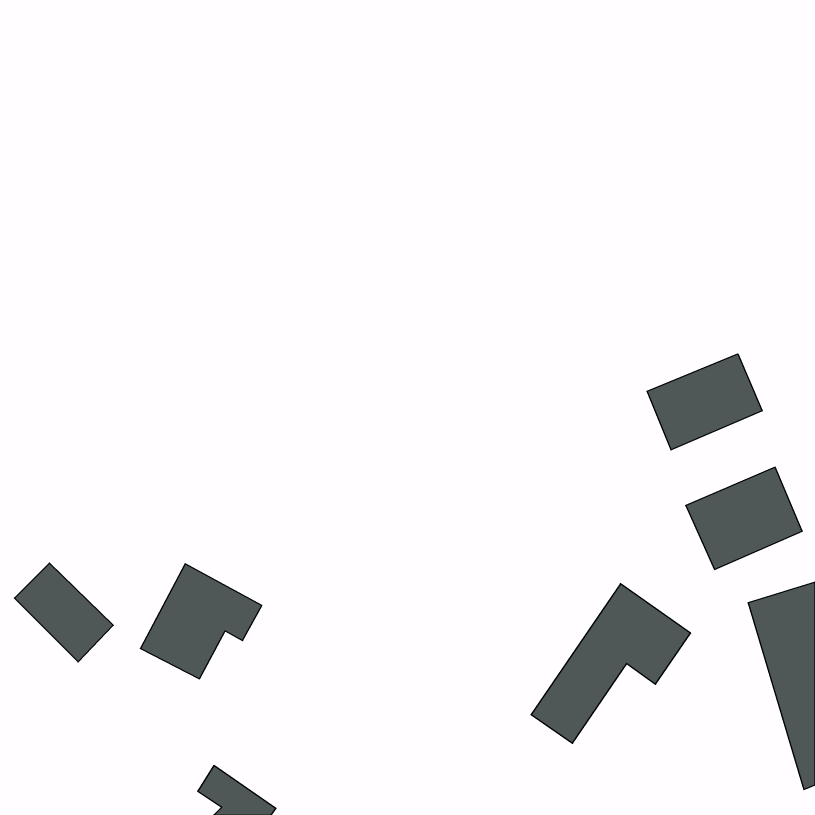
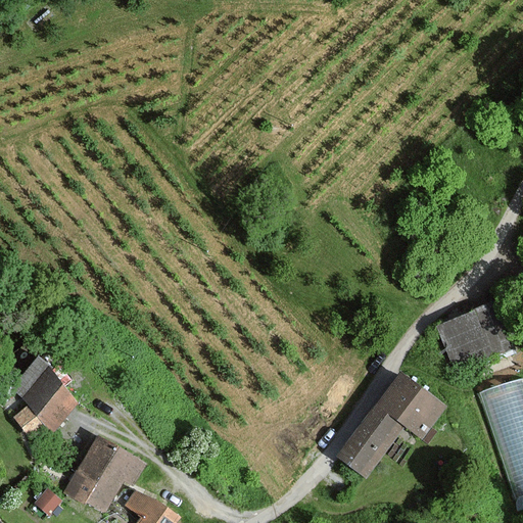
building: [647,354,762,450] -> none
building: [140,564,262,679] -> [67,438,145,512]

